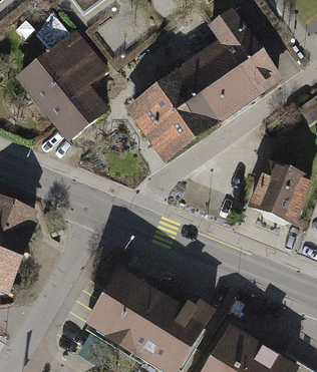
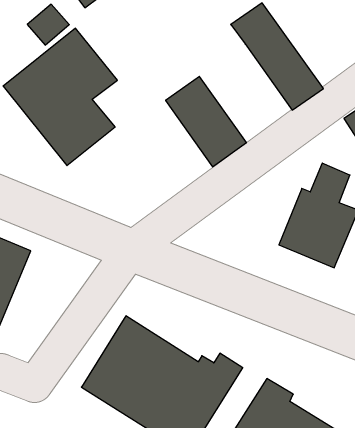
building: [180,40,257,122] -> none
building: [123,87,191,162] -> none

